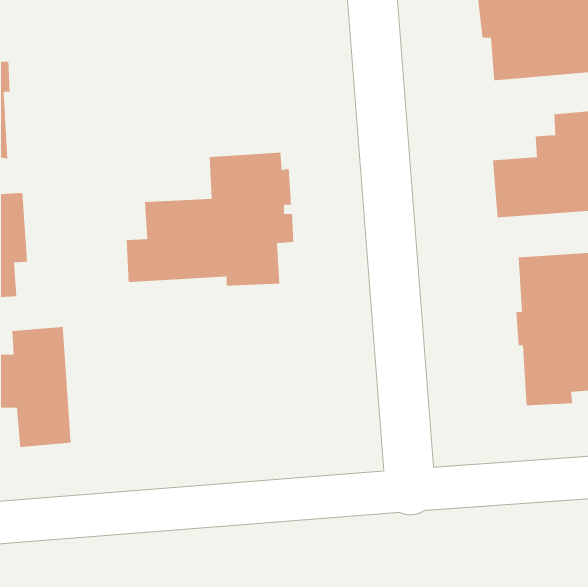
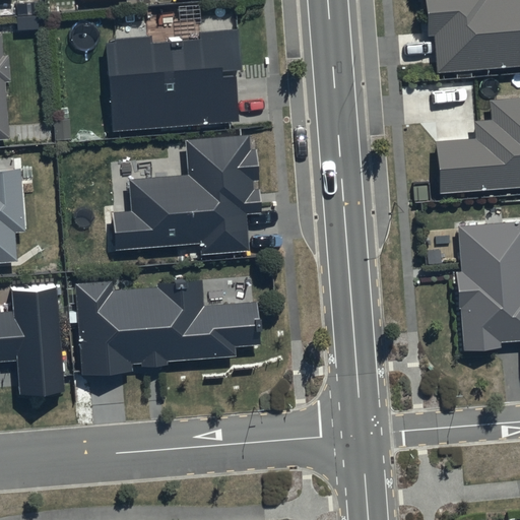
building: none -> [105,30,240,130]
building: none -> [73,276,259,375]

